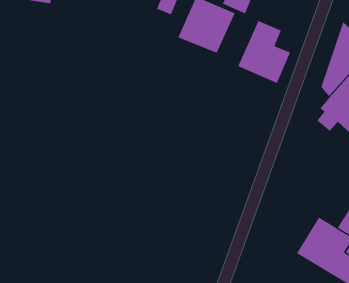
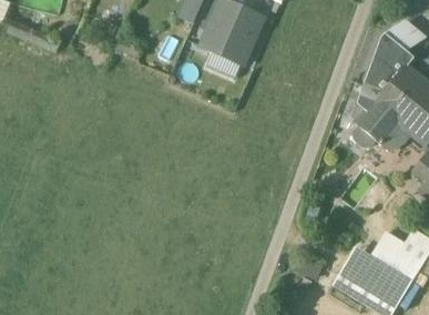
building: [238,20,291,84] -> none

